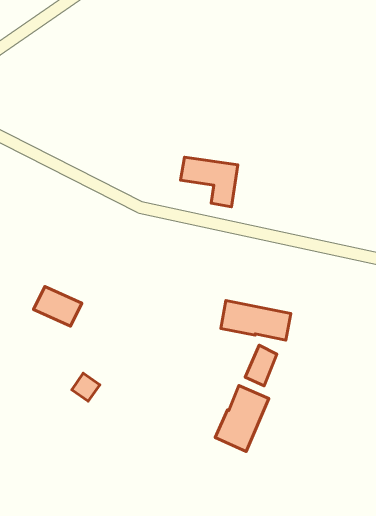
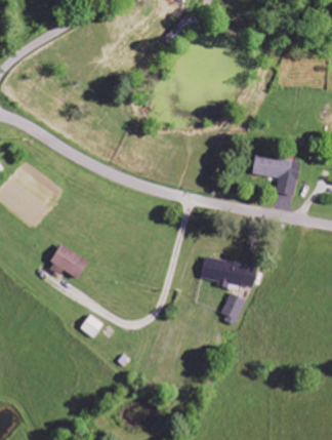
building: [181,157,238,207] -> [251,155,297,195]
building: [215,386,269,451] -> none

